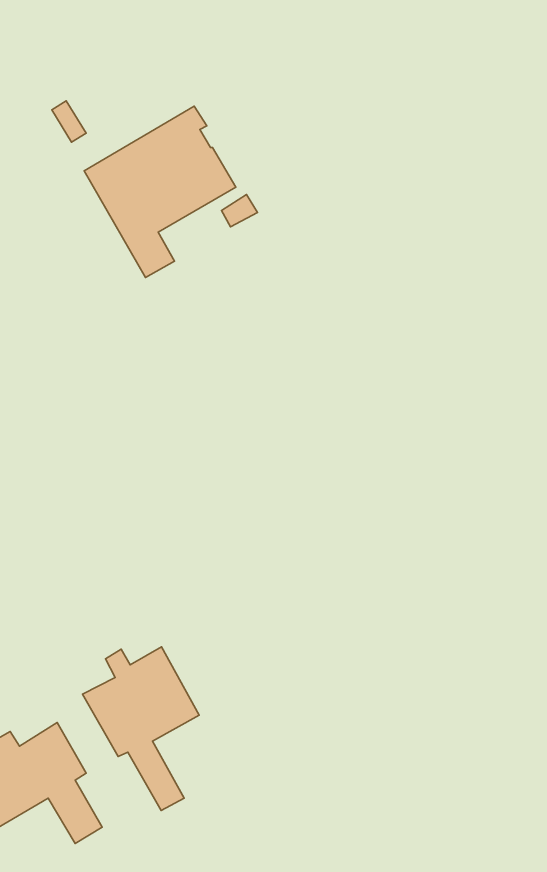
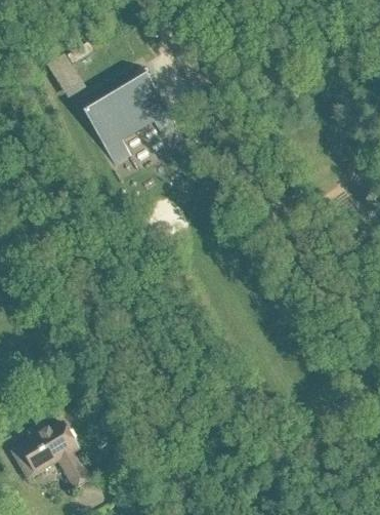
building: [82,647,199,810] -> none

